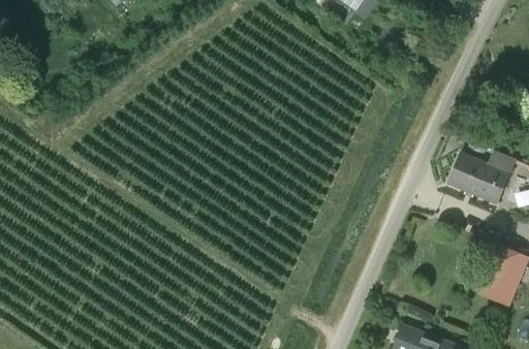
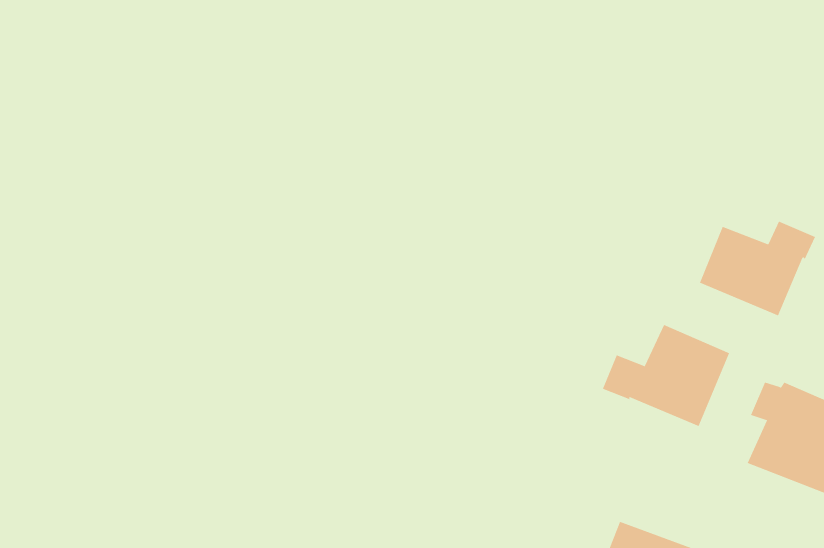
building: none -> [602,324,730,427]

